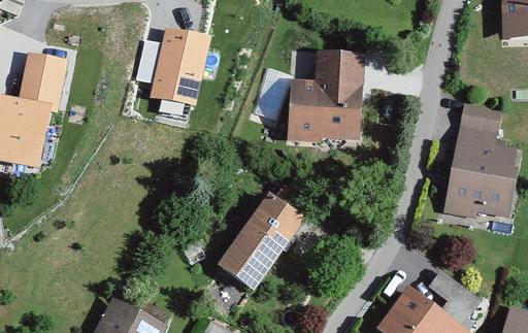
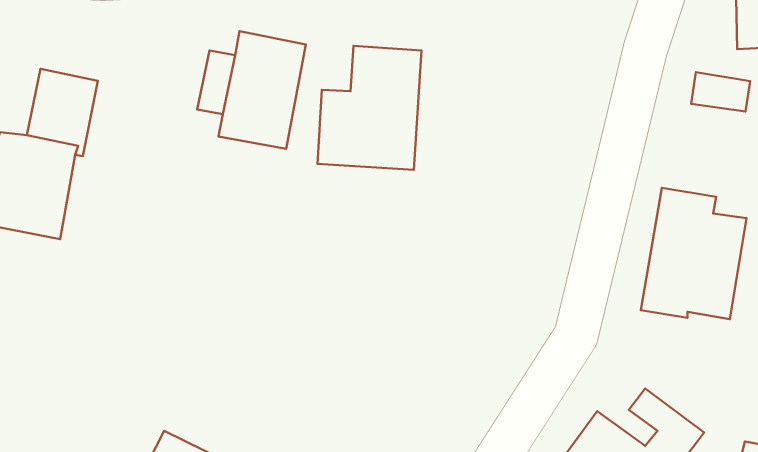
building: [292,54,363,138] -> [317,46,422,170]
building: [453,109,493,136] -> [691,72,750,111]
building: [218,192,306,290] -> none

